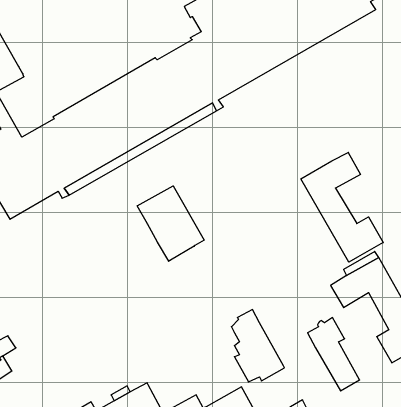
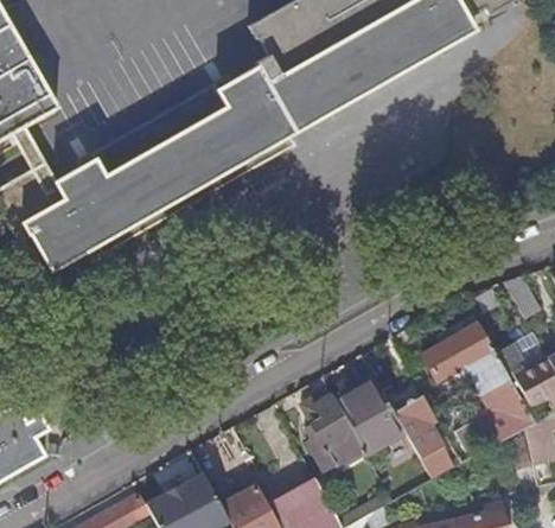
building: [301,152,383,262] -> none
building: [137,186,204,261] -> none
building: none -> [336,377,402,450]

